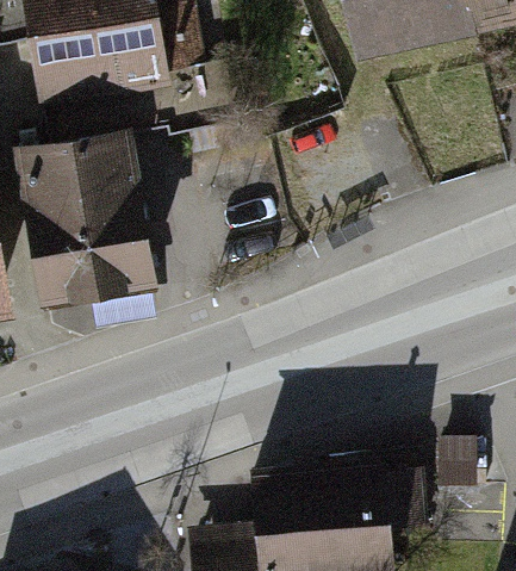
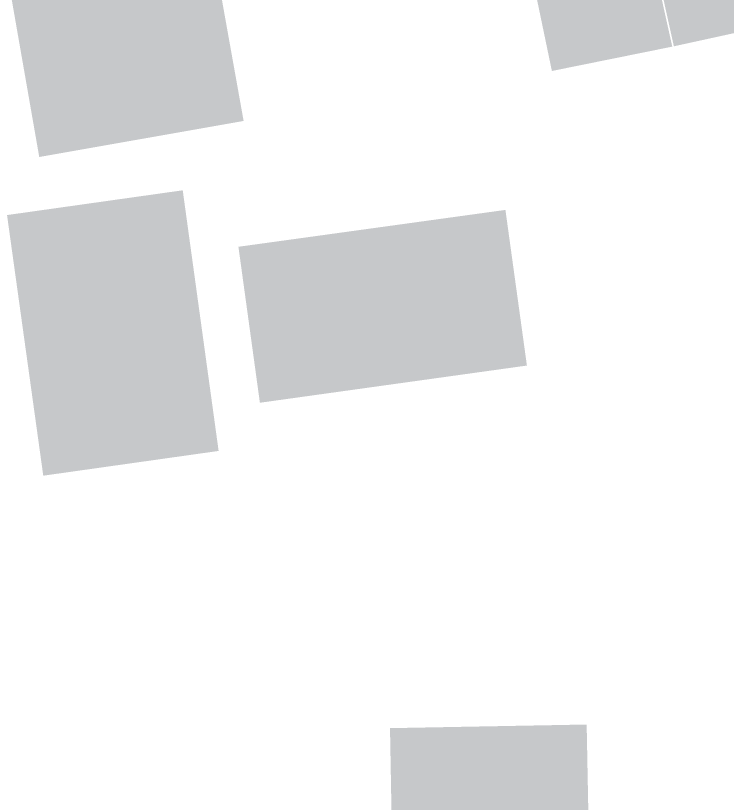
building: none -> [238,209,528,403]

